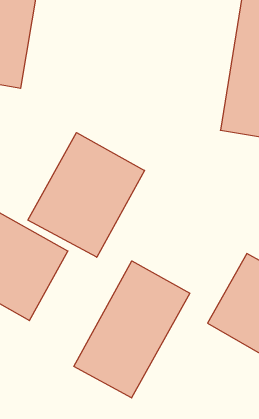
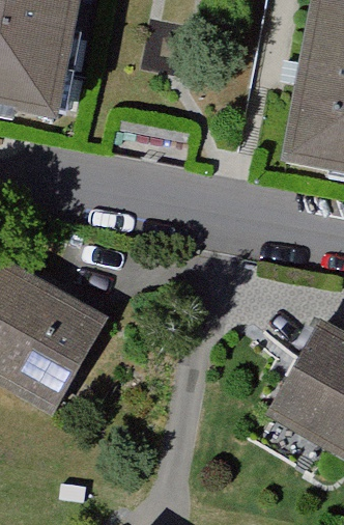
building: [28,133,145,257] -> none
building: [74,261,190,398] -> none

